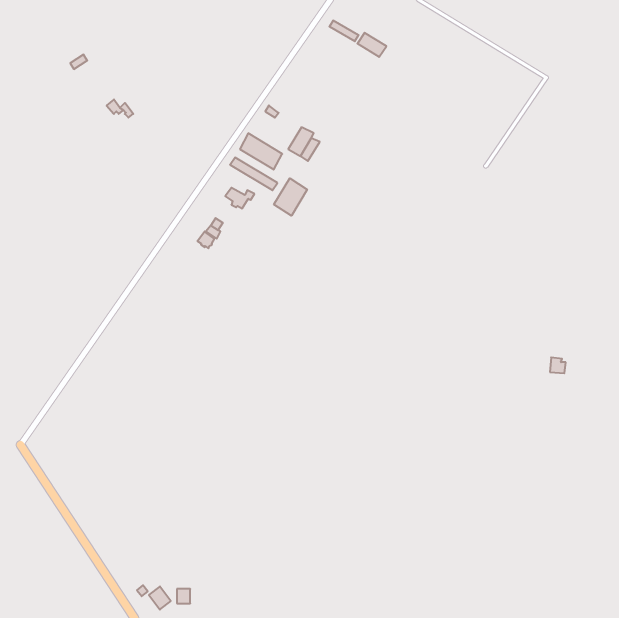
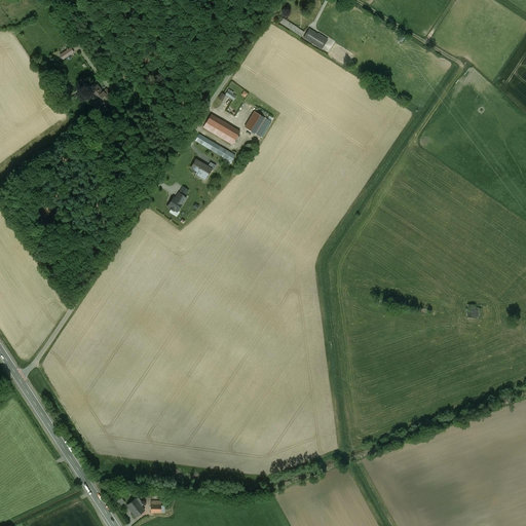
building: [274,178,307,216] -> none

